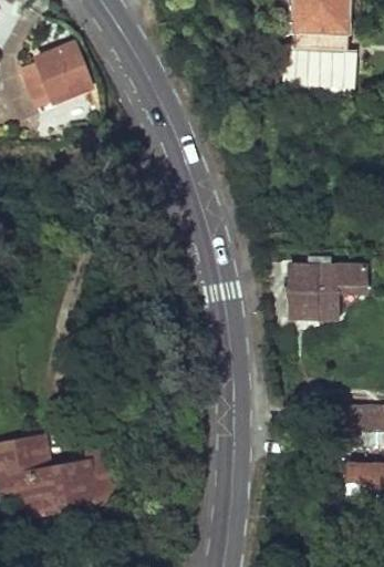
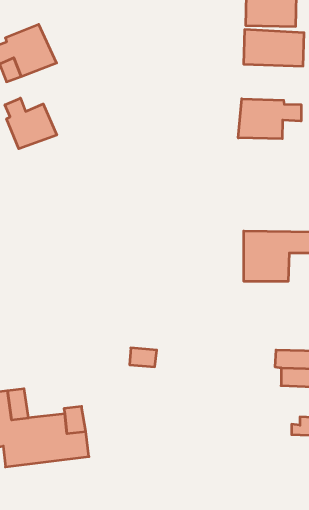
building: none -> [5,98,57,149]
building: none -> [238,99,301,139]

